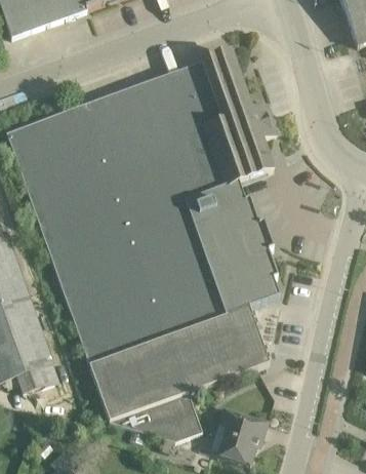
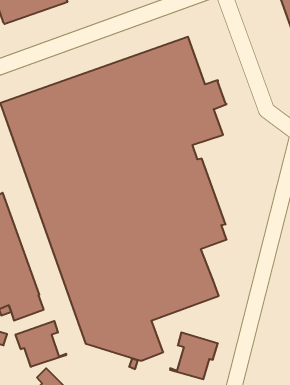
building: none -> [16,321,66,367]

